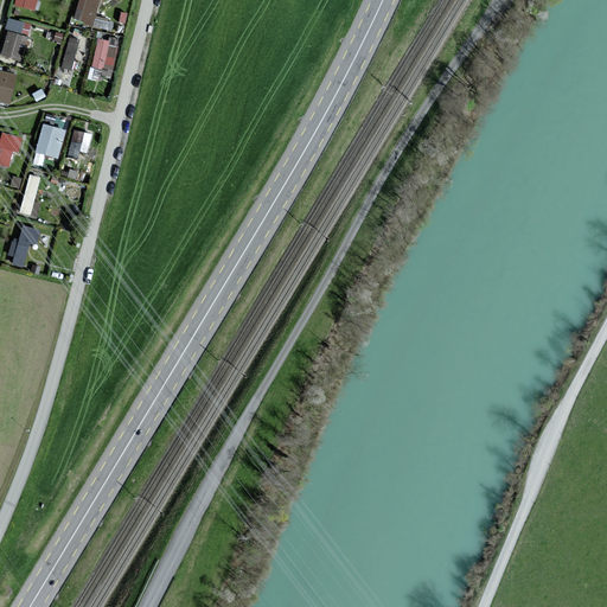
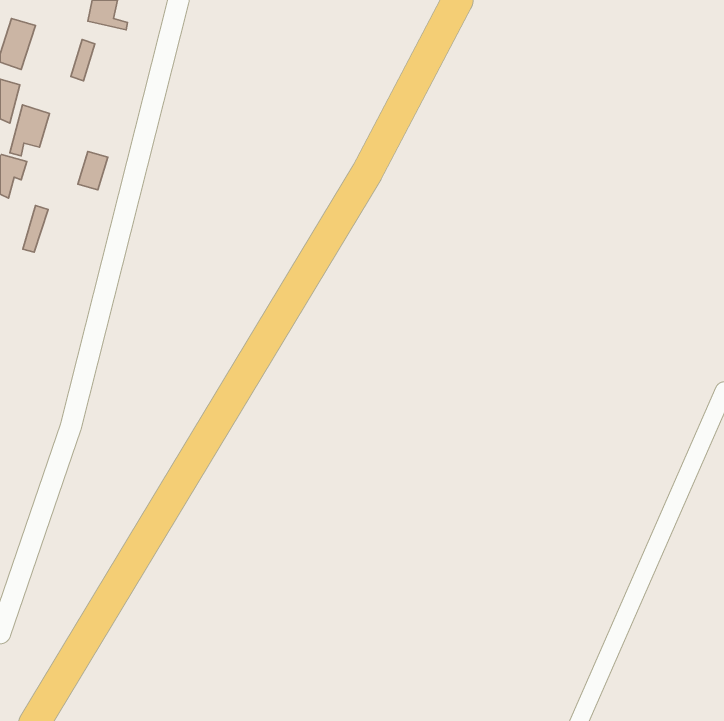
building: [90,38,117,70] -> none
building: [32,122,65,165] -> [10,105,49,156]
building: [7,225,39,267] -> none

